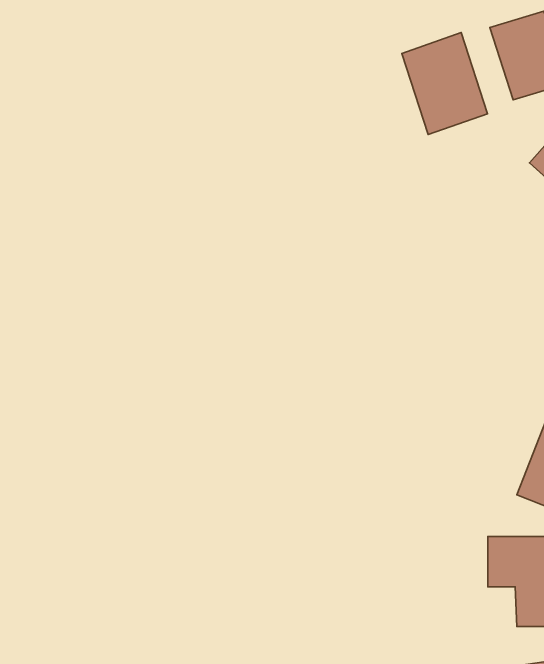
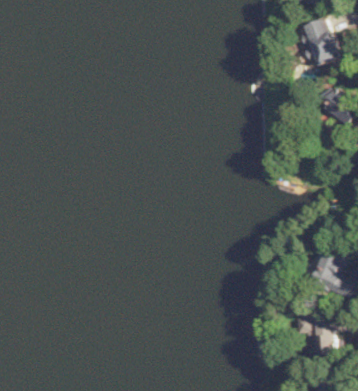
building: [402,33,488,135] -> none

